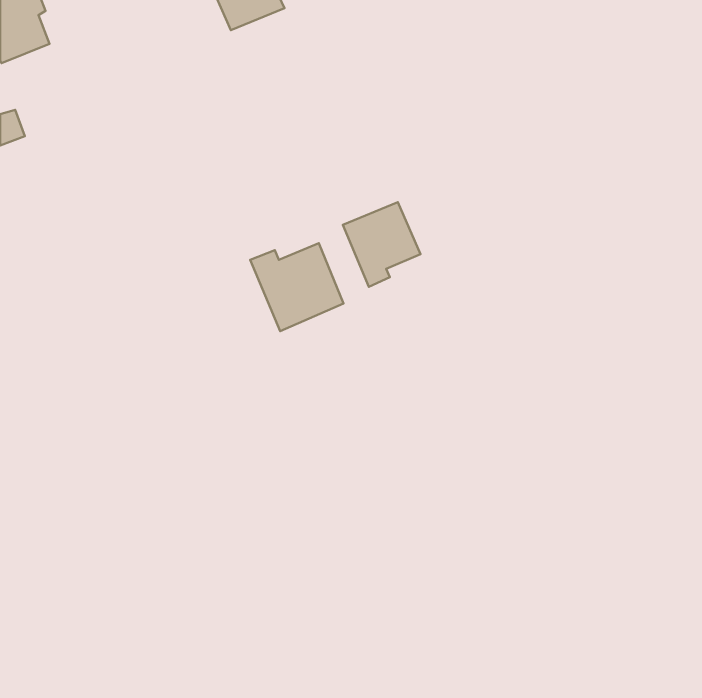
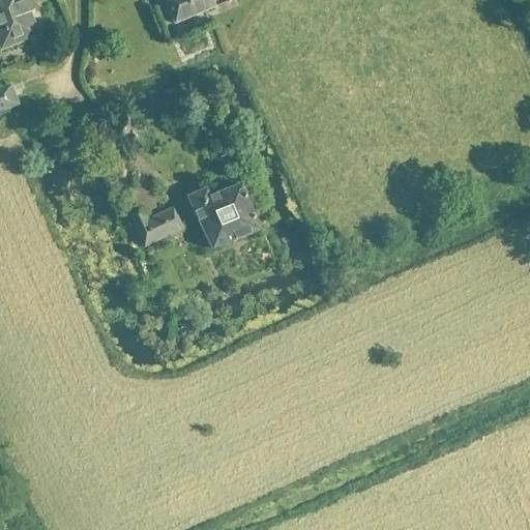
building: [343,202,420,287] -> none
building: none -> [129,207,182,245]

